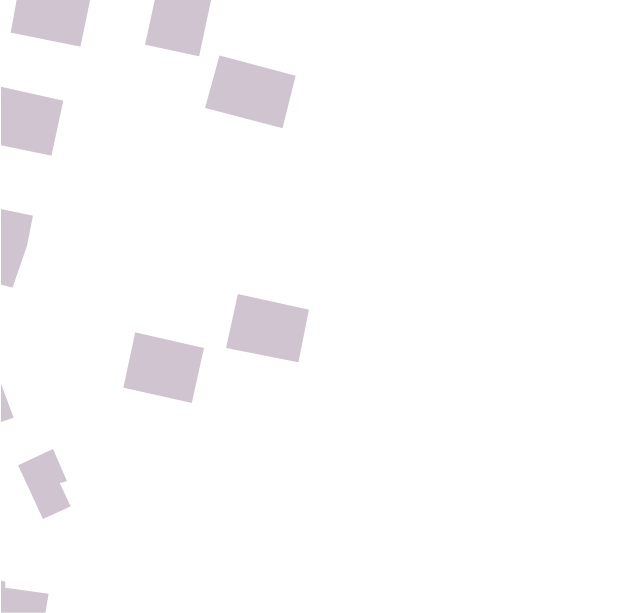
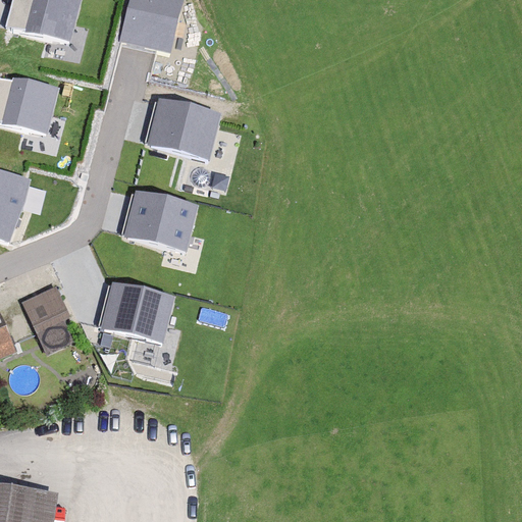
building: [204,55,296,129] -> [144,99,221,161]
building: [225,294,310,363] -> [122,189,194,247]
building: [17,448,72,520] -> [27,288,72,348]

